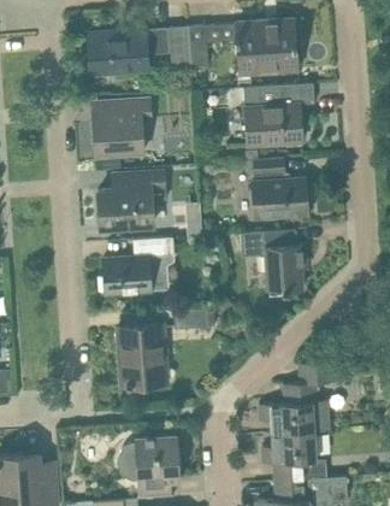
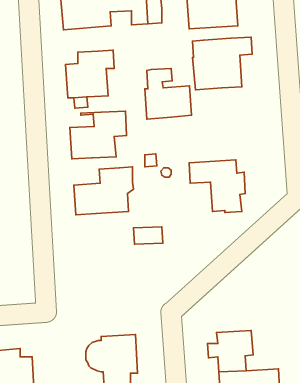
building: [252,158,307,218] -> [145,69,192,119]
building: [117,325,167,386] -> none
building: [259,361,335,434] -> none

